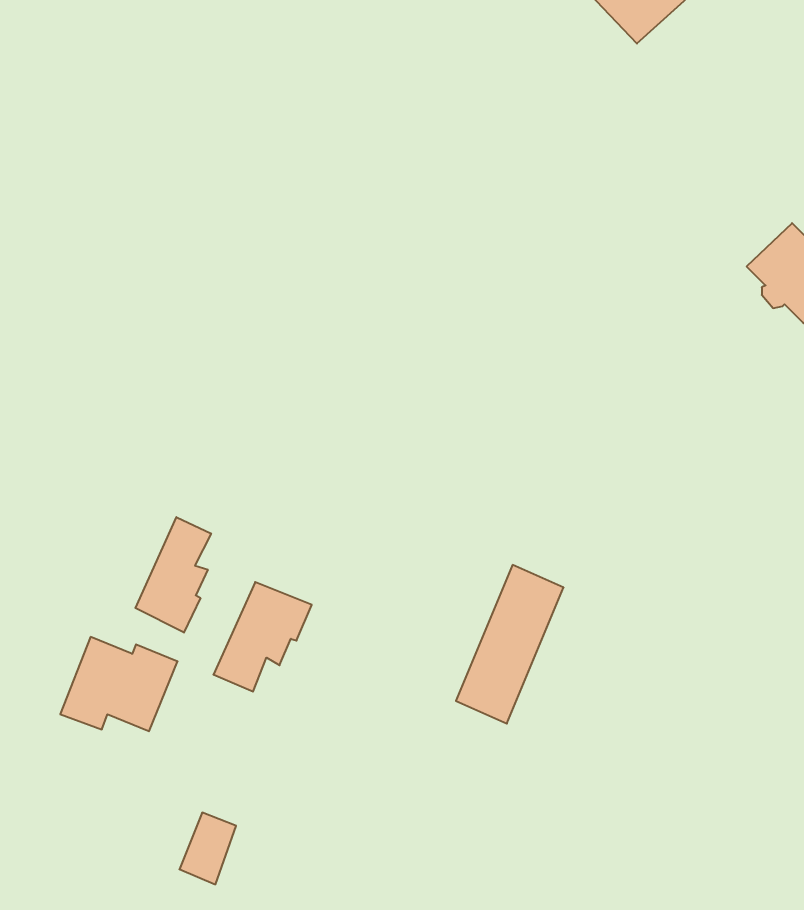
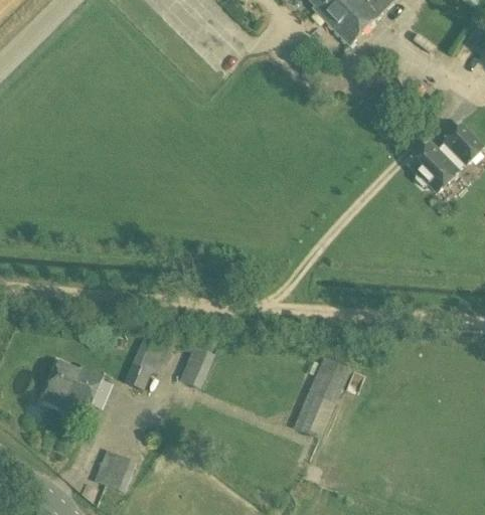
building: [135,517,211,633] -> none
building: [456,565,564,724] -> [293,354,350,439]
building: none -> [180,347,213,387]

